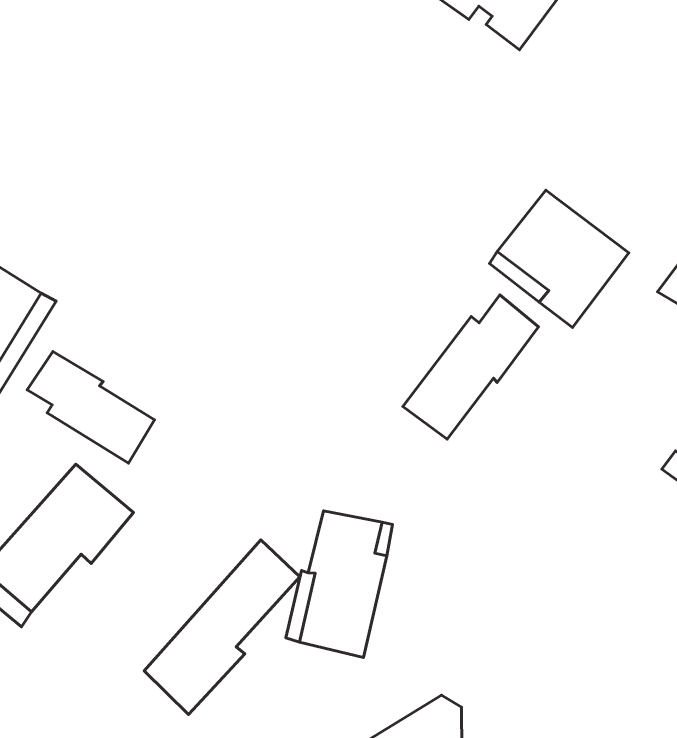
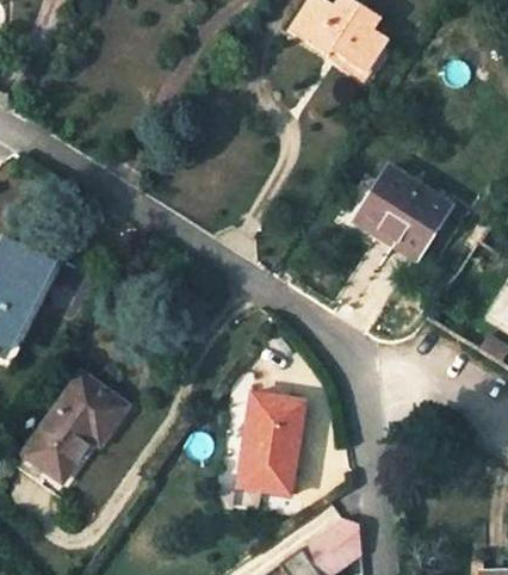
building: [403,295,538,439] -> none
building: [27,351,155,463] -> none
building: [144,540,300,714] -> none

